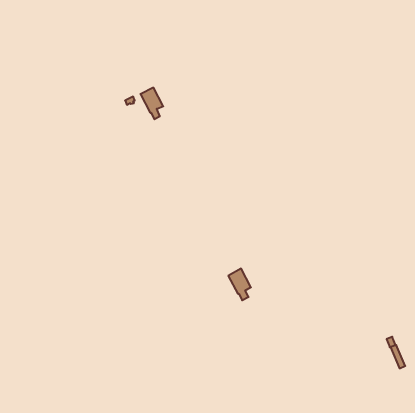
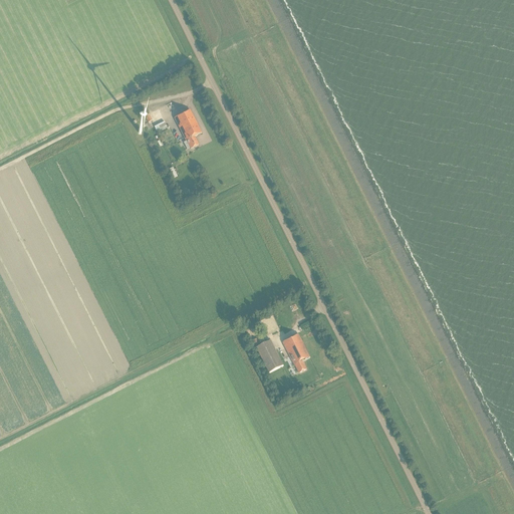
building: none -> [256,339,283,371]

